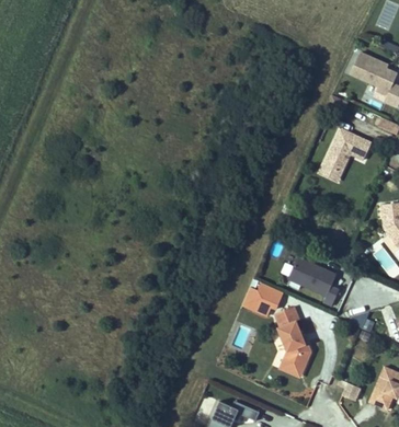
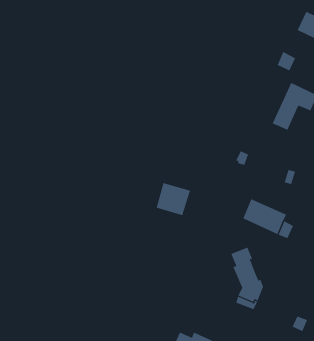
building: [243,280,282,316] -> [156,183,191,216]

